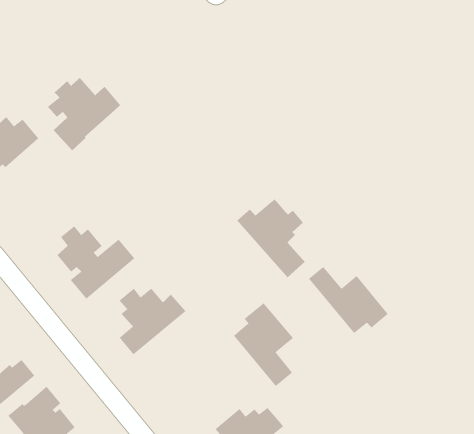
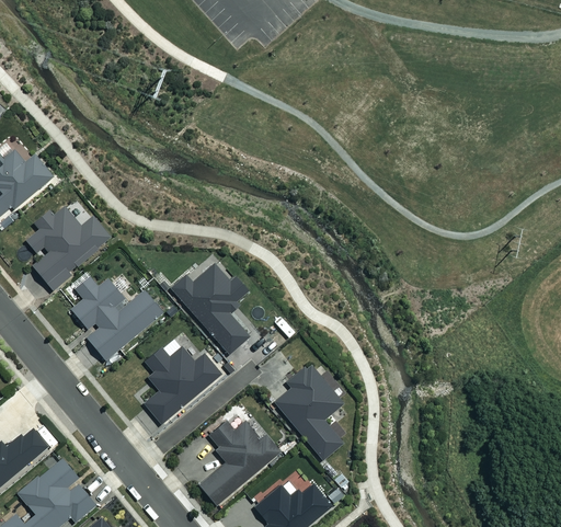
building: [47,77,121,151] -> [26,206,111,290]
building: [236,198,306,278] -> [170,263,249,354]
building: [308,266,388,334] -> none
building: none -> [198,419,279,505]

